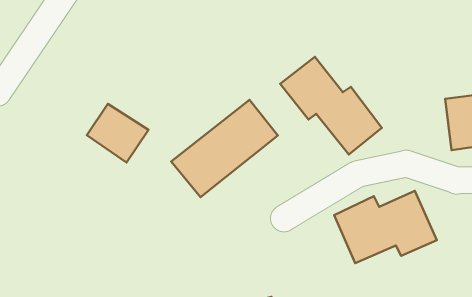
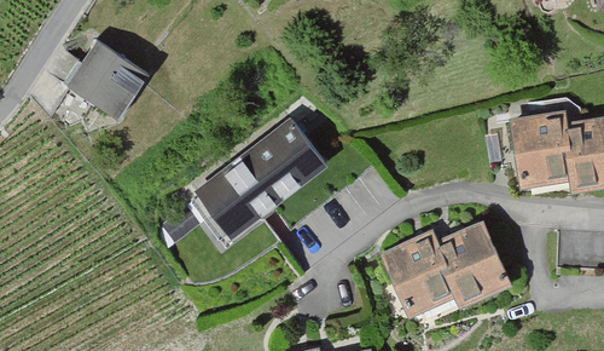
building: [280,57,382,155] -> none
building: [87,104,149,162] -> [72,44,144,111]

